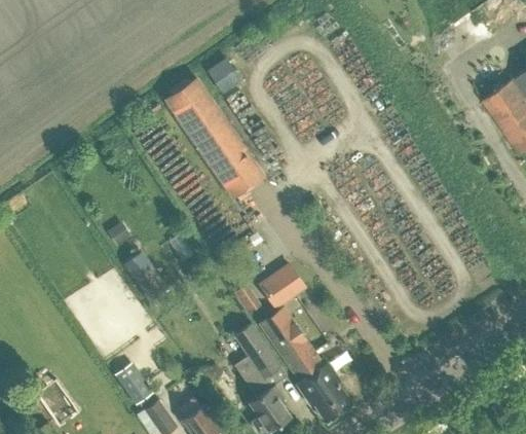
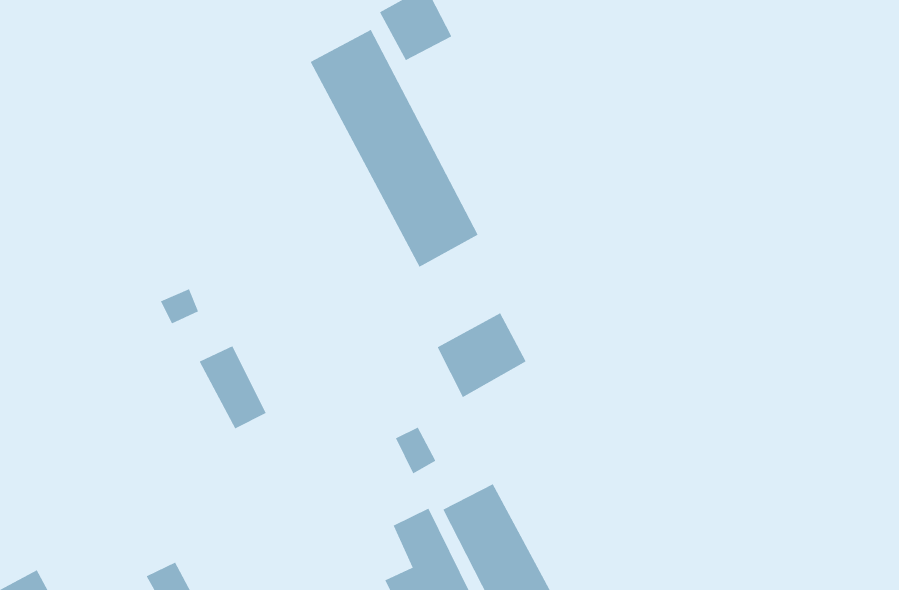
building: [259,261,306,308] -> [437,313,527,398]

